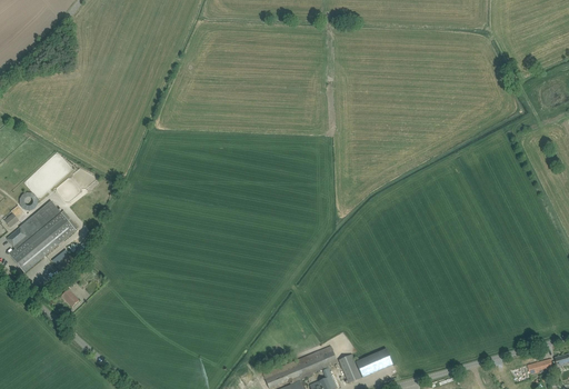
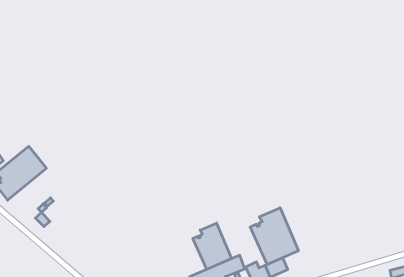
building: none -> [250,208,298,265]
building: none -> [193,223,232,269]

